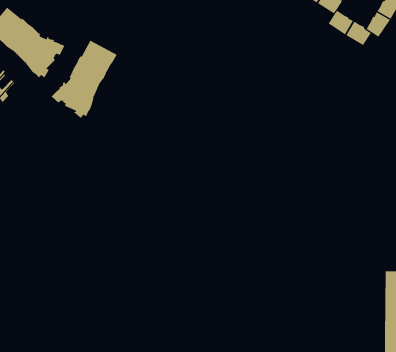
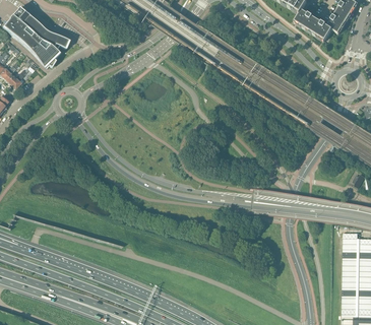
building: [51,40,117,119] -> none

